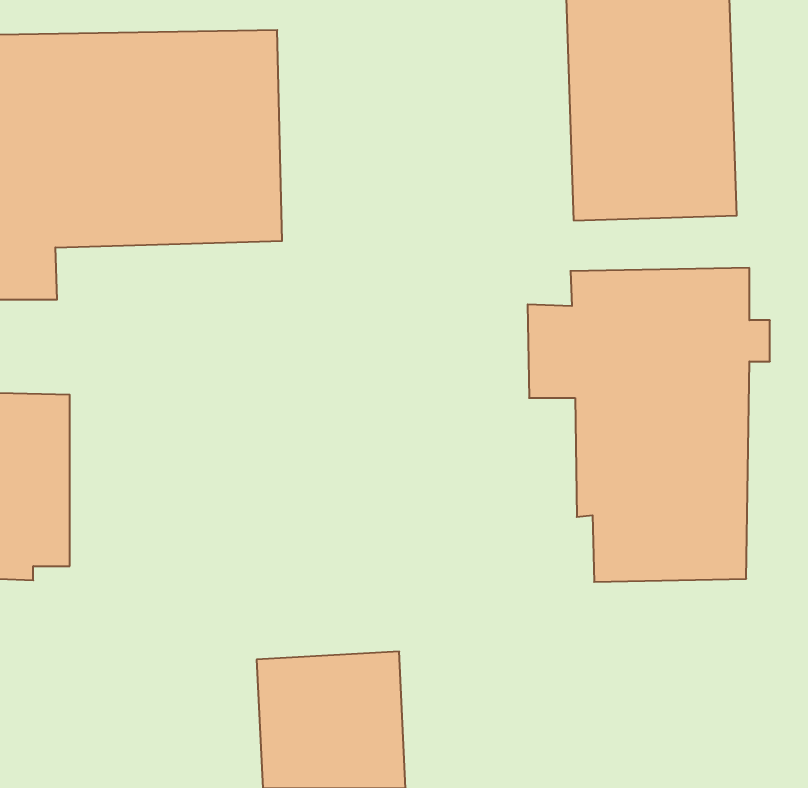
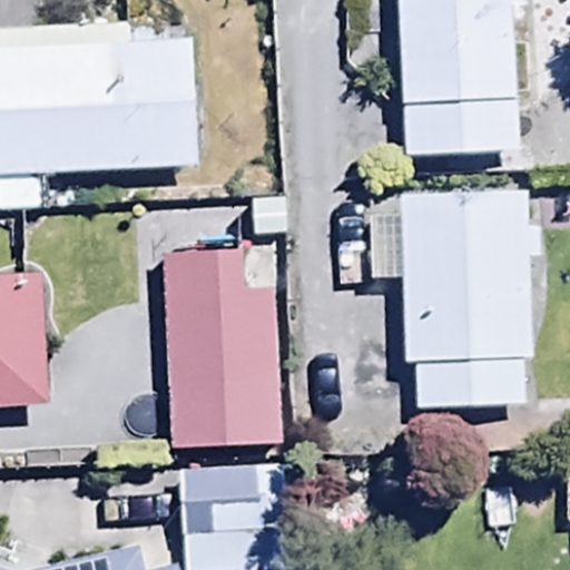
building: none -> [164,240,279,446]

